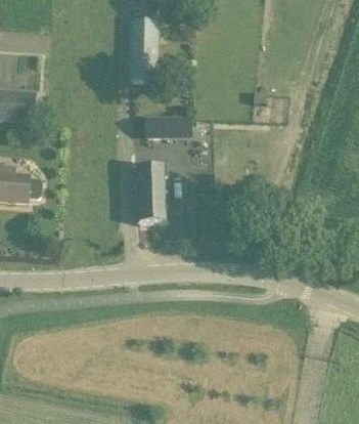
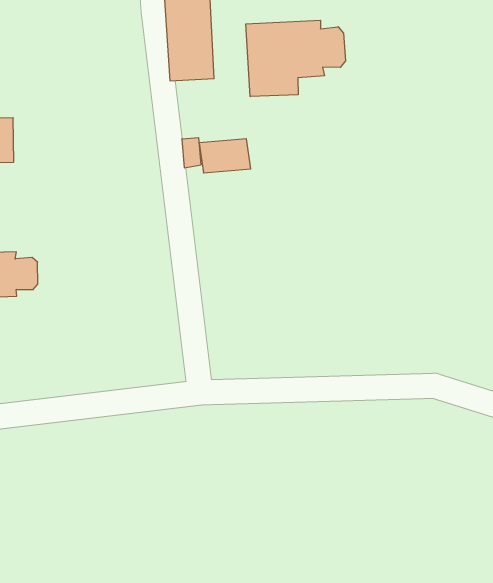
building: none -> [246,20,346,97]
building: [136,169,166,224] -> none

